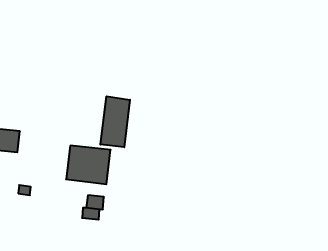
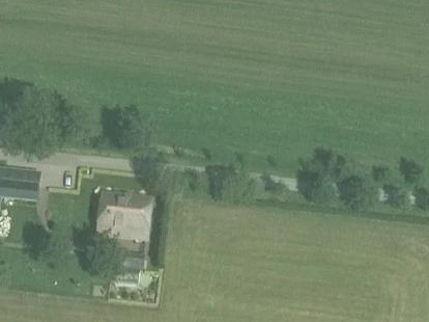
building: [100,96,130,147] -> none

